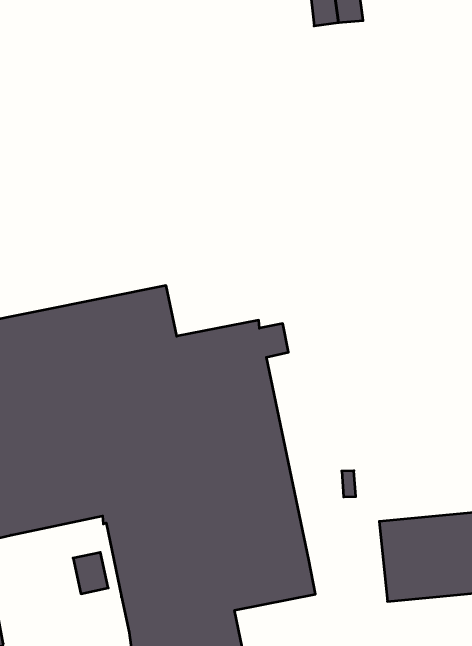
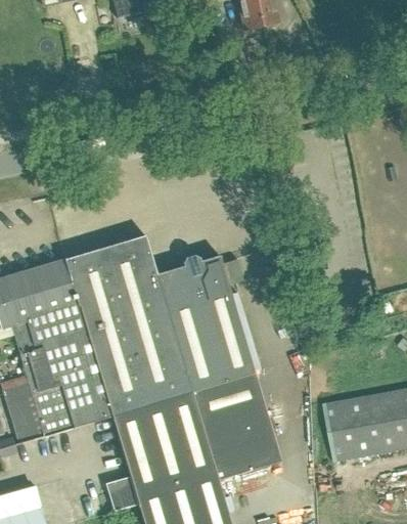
building: [73,552,108,594] -> [111,476,140,509]

